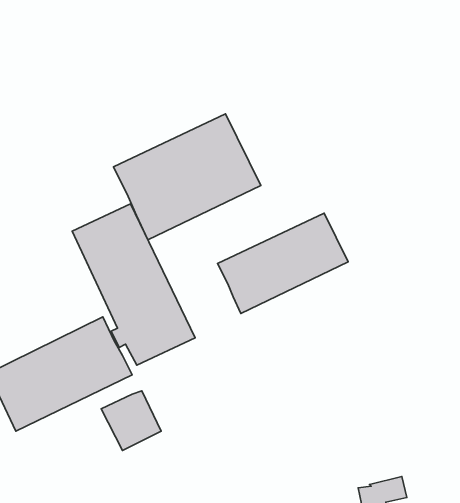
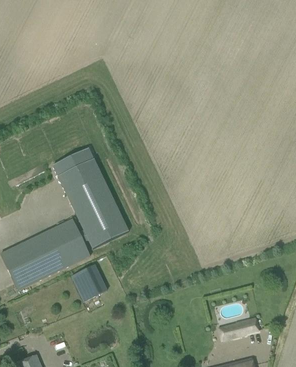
building: [113,114,261,240] -> none
building: [218,213,348,313] -> none

